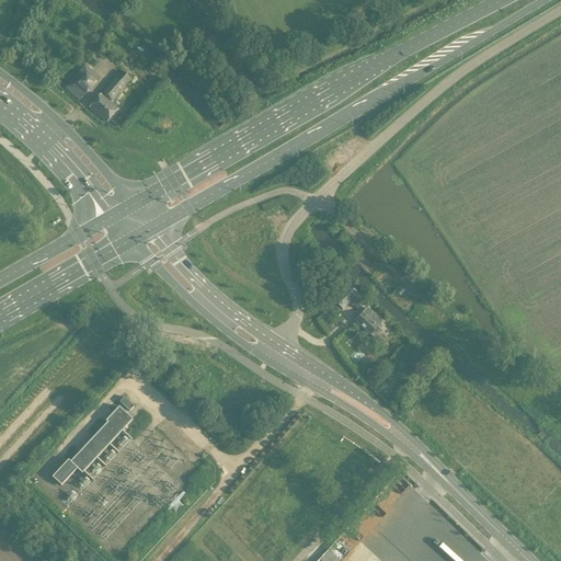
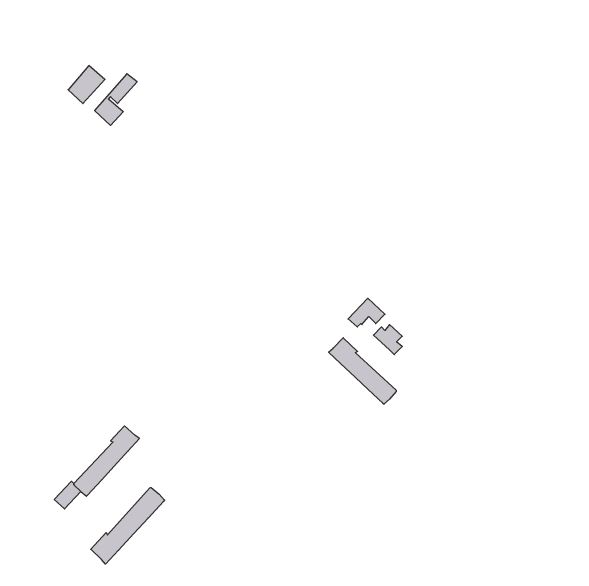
building: none -> [329,338,396,404]
building: none -> [91,488,165,564]

